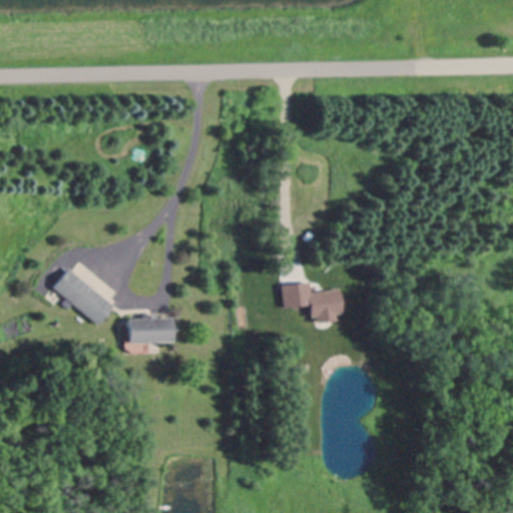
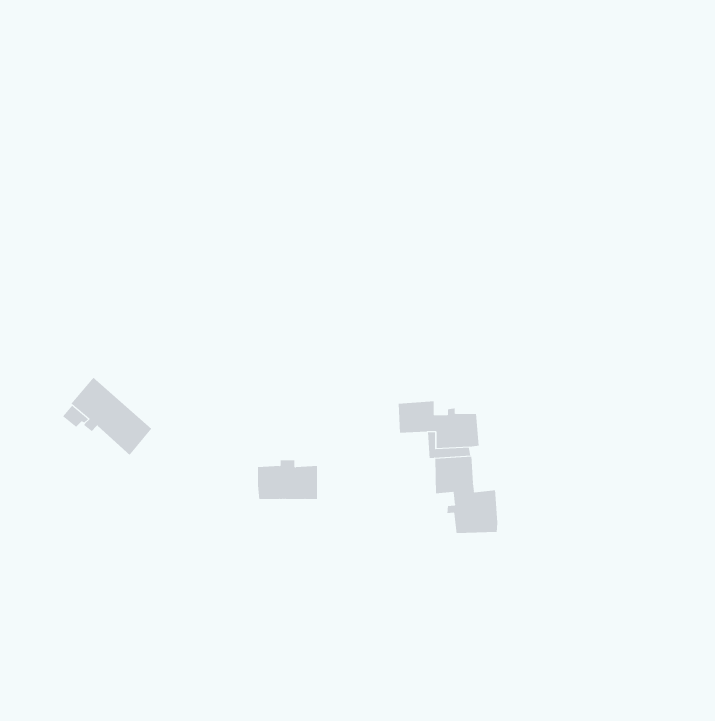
building: [128,313,171,341] -> [257,460,318,499]
building: none -> [435,456,498,534]

